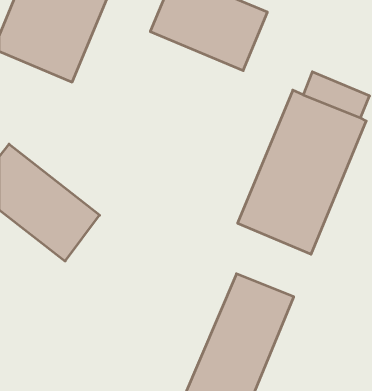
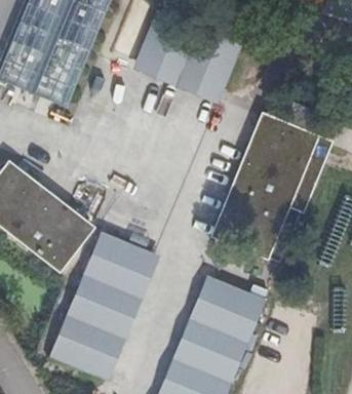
building: none -> [49,234,152,379]

